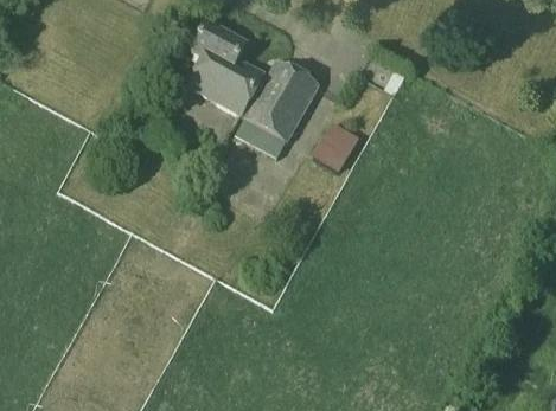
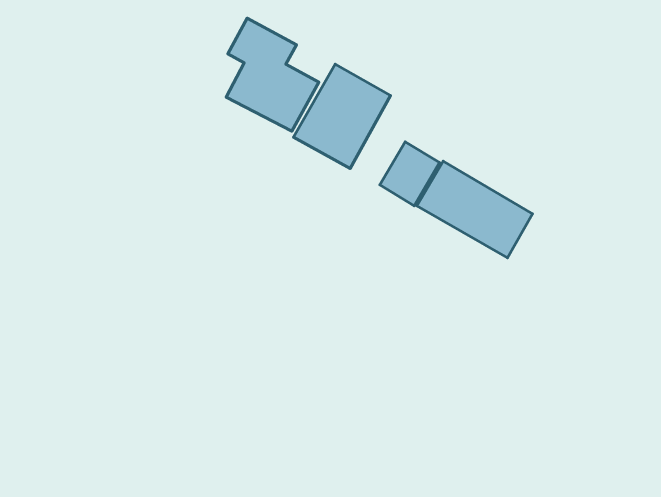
building: none -> [417,161,532,258]

